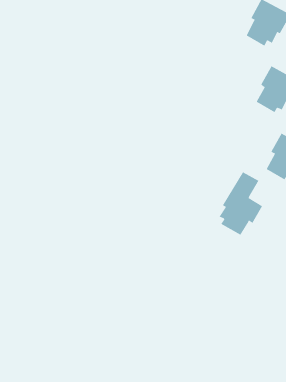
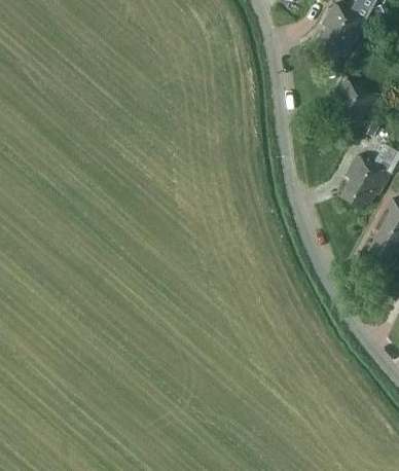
building: [219,171,263,235] -> none

